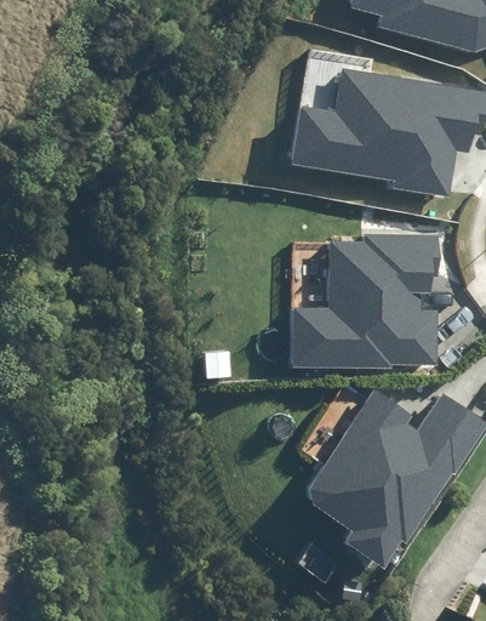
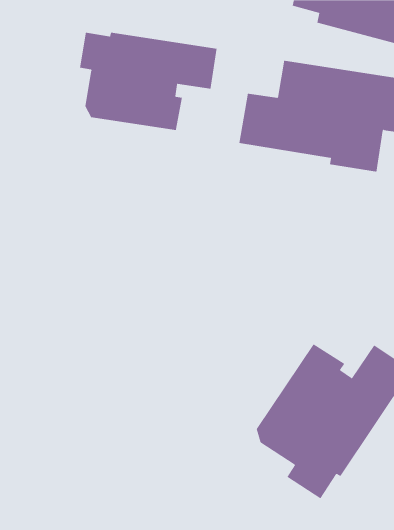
building: none -> [79,32,217,131]
building: [293,233,438,369] -> none

